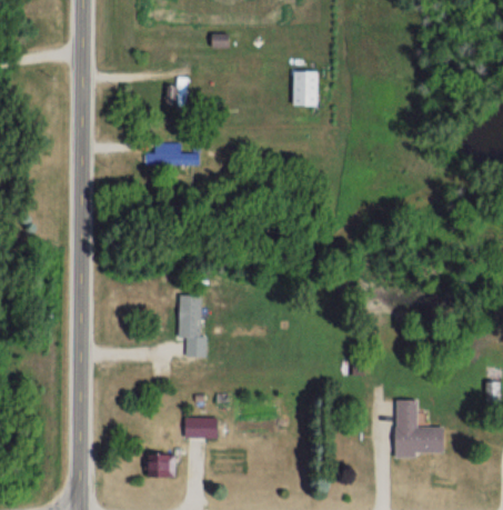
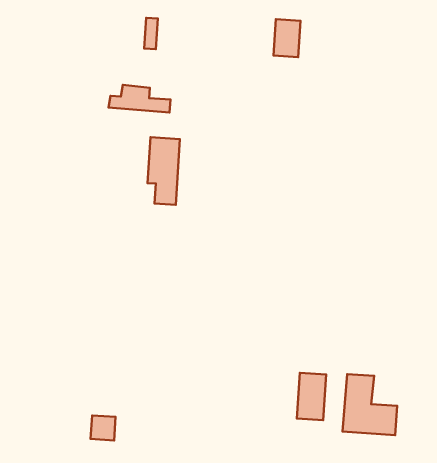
building: [179,294,207,357] -> [148,137,180,205]
building: none -> [297,373,326,420]
building: [185,417,222,437] -> none

